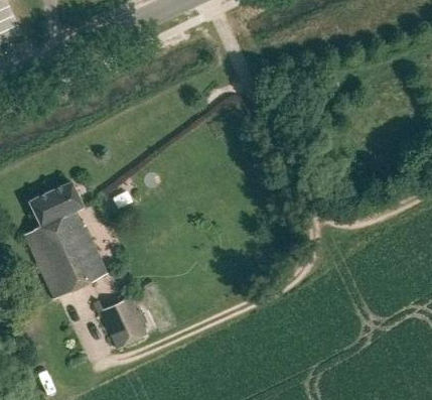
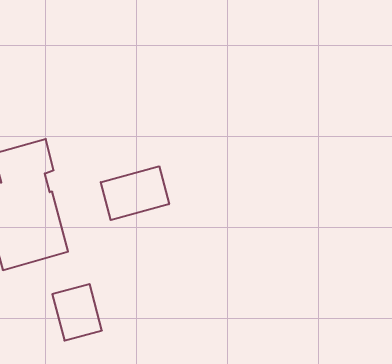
building: none -> [101,166,169,220]

